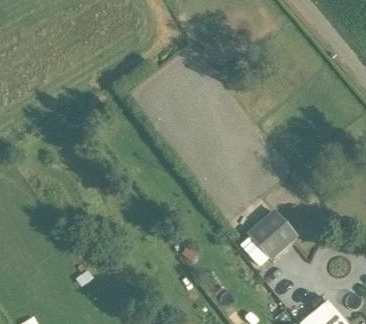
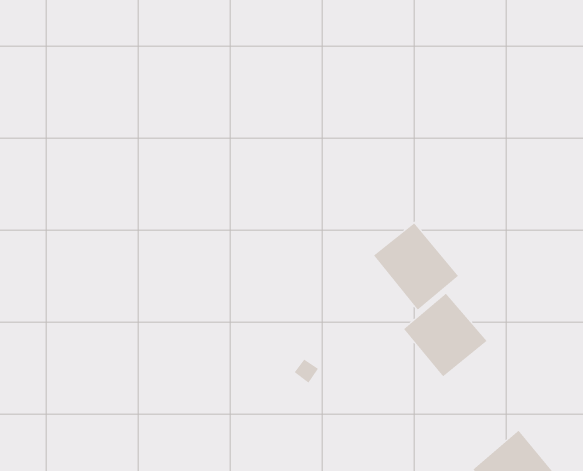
building: none -> [373,222,459,311]

